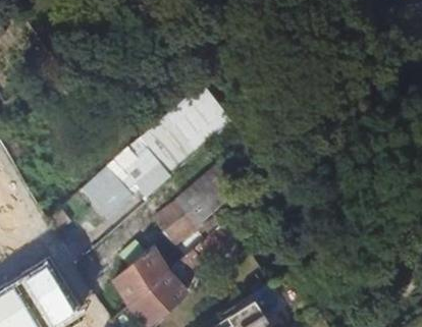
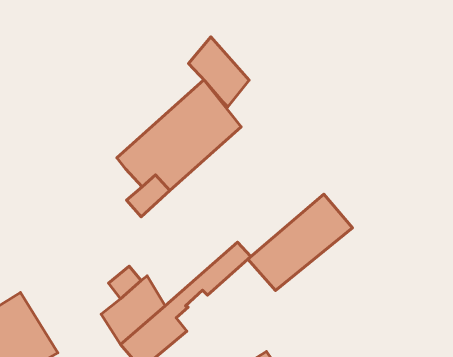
building: none -> [188,37,249,107]
building: [80,150,133,222] -> none
building: [151,168,240,250] -> [248,194,353,290]

